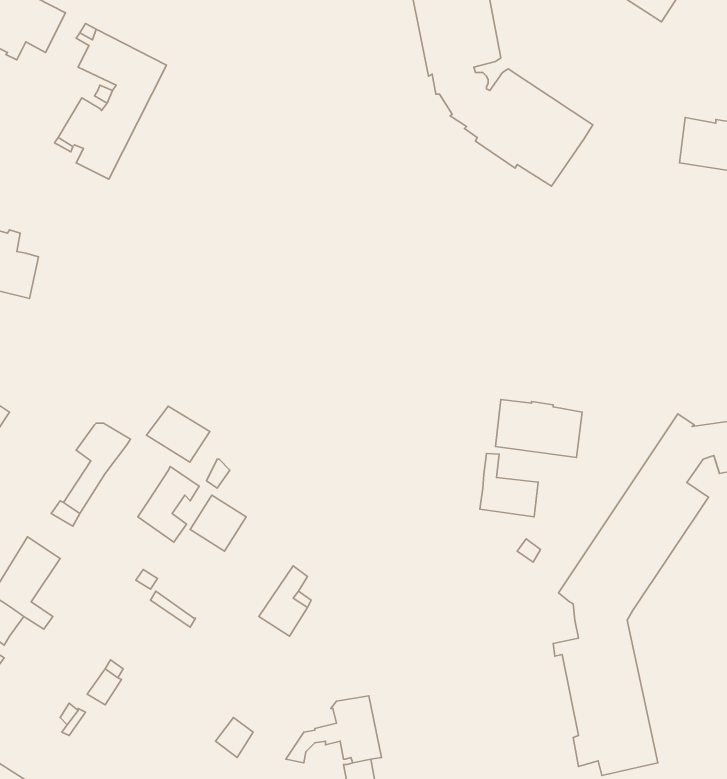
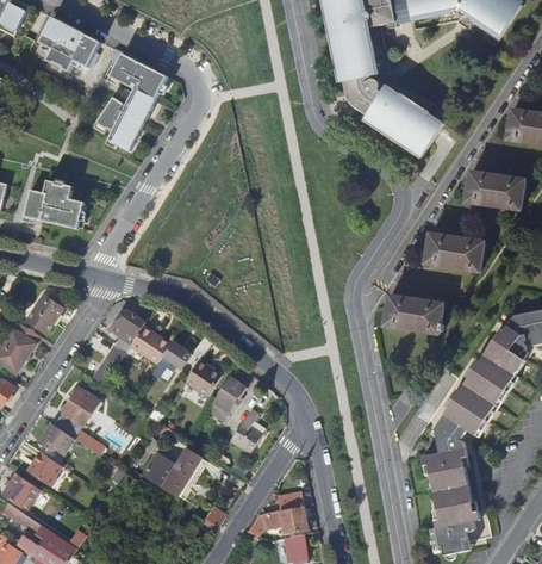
building: none -> [465,173,524,210]
building: none -> [424,234,482,272]
building: [147,406,210,462] -> [127,326,169,362]
building: [480,453,538,517] -> none
building: none -> [211,374,245,414]
building: none -> [144,448,201,495]

